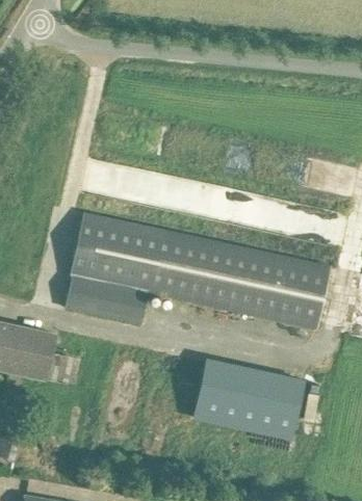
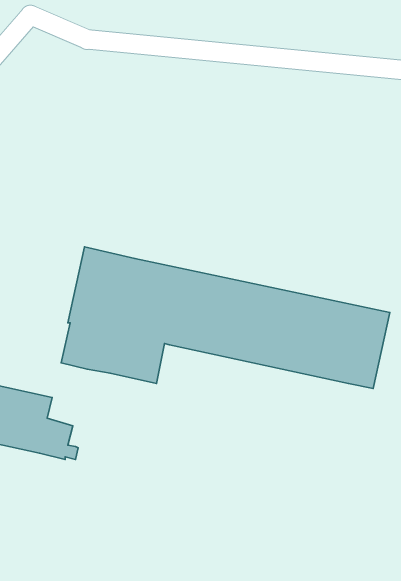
building: [193,359,305,440] -> none

